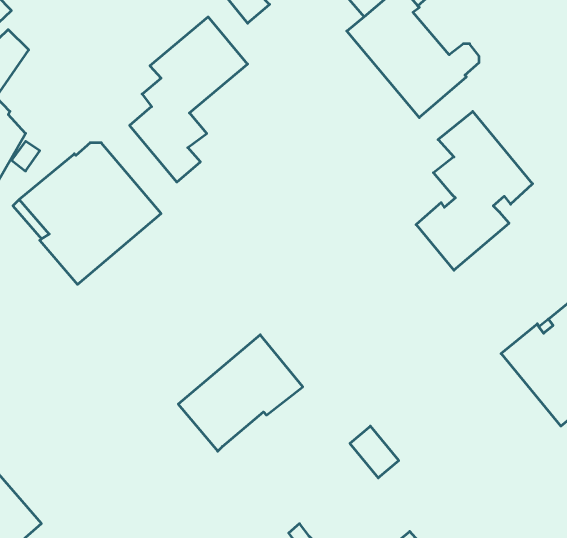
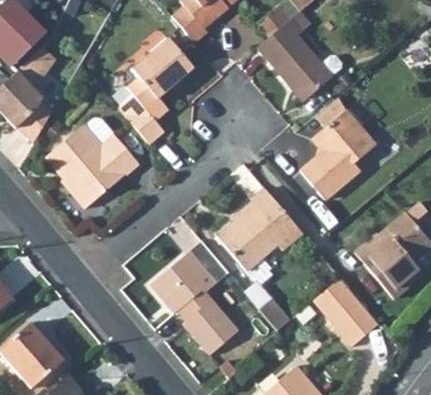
building: none -> [217,187,303,271]
building: none -> [313,278,378,346]
building: none -> [178,289,239,355]

